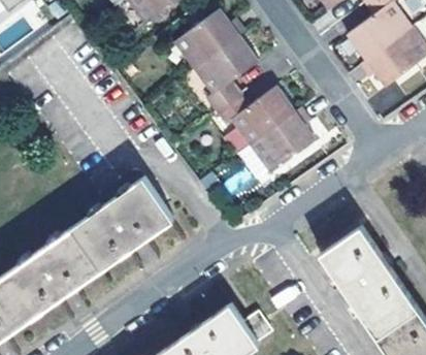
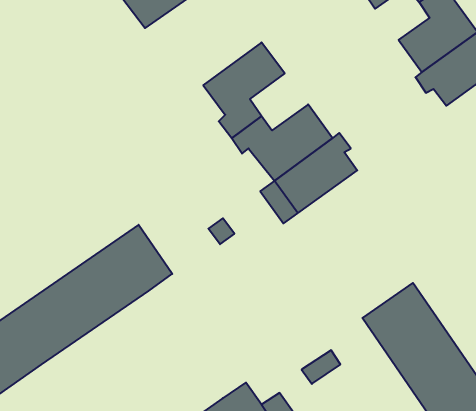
building: [174,10,245,70] -> none

